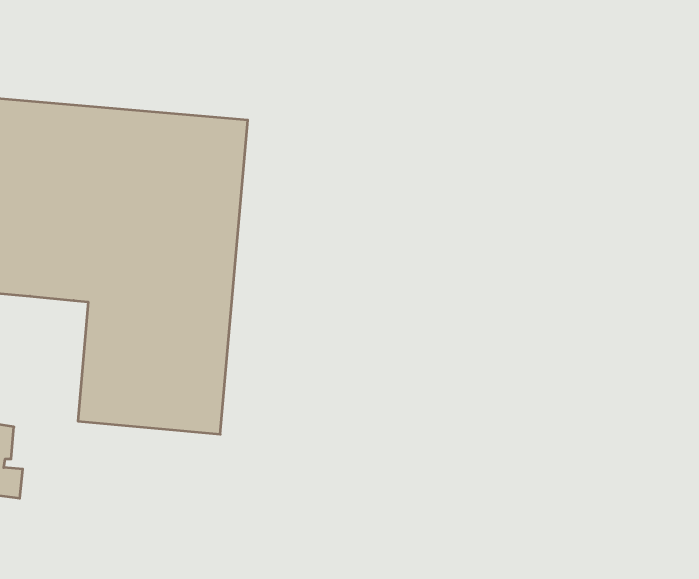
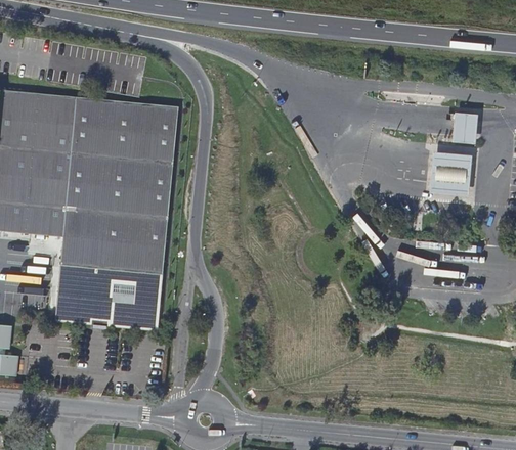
building: none -> [448,109,474,142]
building: none -> [426,147,473,195]

